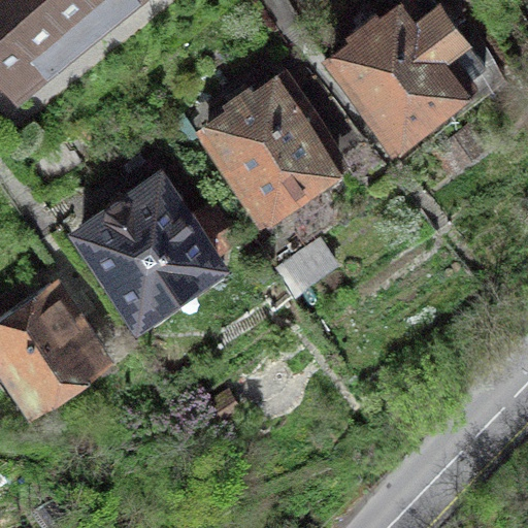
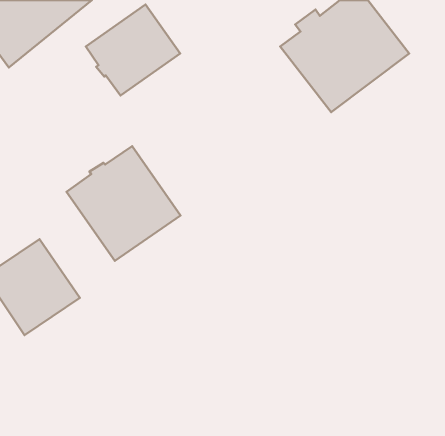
building: none -> [86,4,180,96]
building: [203,87,362,220] -> none

